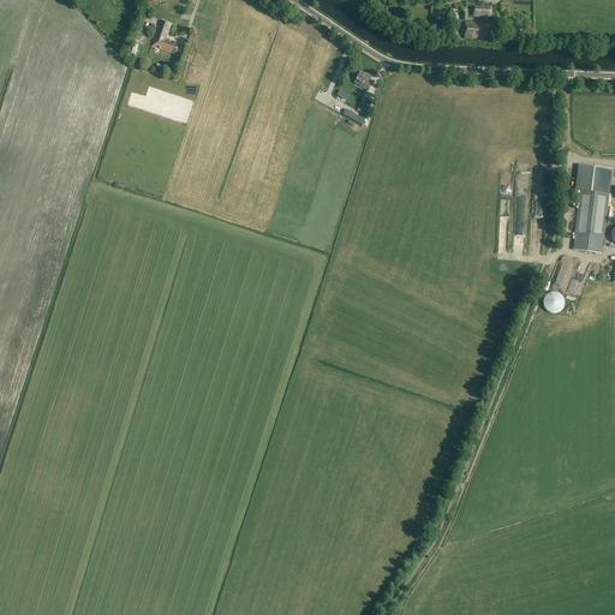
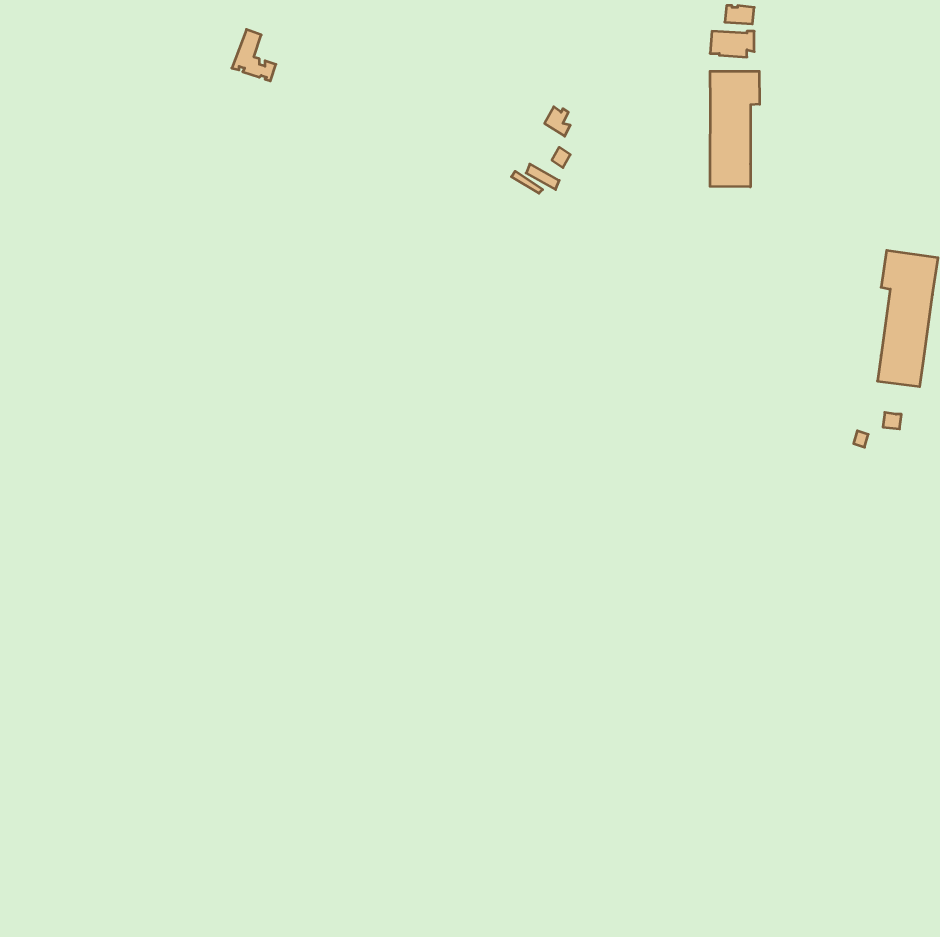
building: none -> [710,71,760,187]

